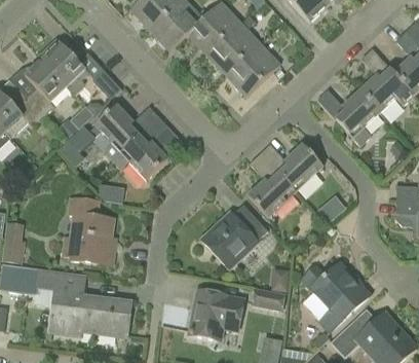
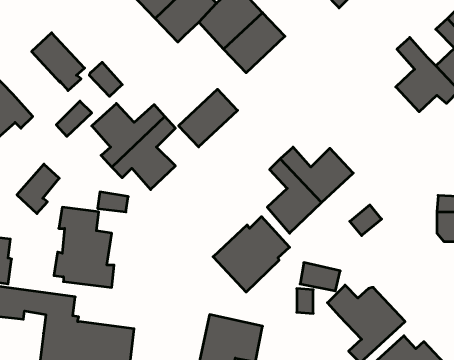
building: [229,45,280,96] -> [179,89,238,147]
building: [24,59,67,115] -> none
building: [316,87,380,145] -> none
building: [60,121,97,165] -> [17,164,59,214]
building: [251,285,285,310] -> [300,263,340,291]

